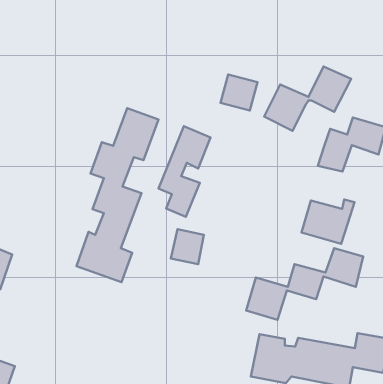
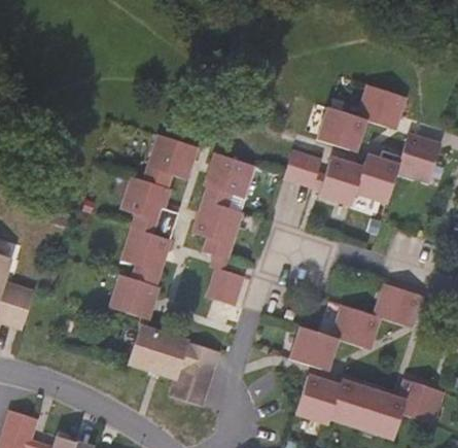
building: [221,75,257,111] -> [283,144,323,183]
building: [302,199,354,244] -> [319,169,377,217]
building: none -> [128,325,222,398]

